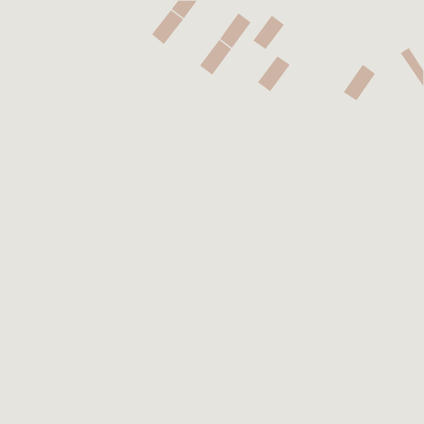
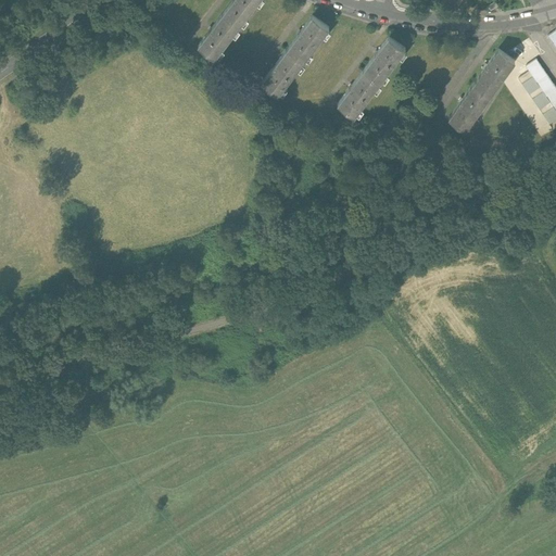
building: [252,15,285,50] -> [363,39,405,85]
building: none -> [475,49,517,97]

